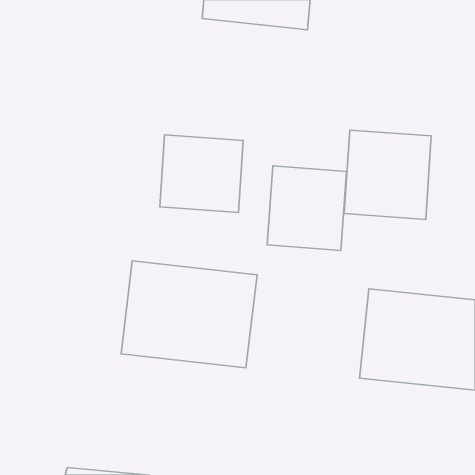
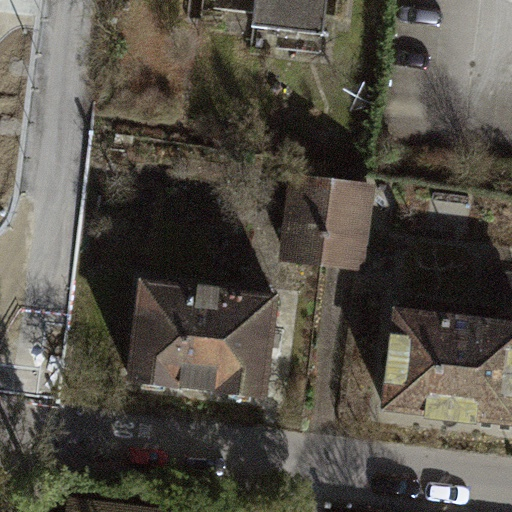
building: [344,130,431,219] -> none
building: [160,135,243,213] -> none

